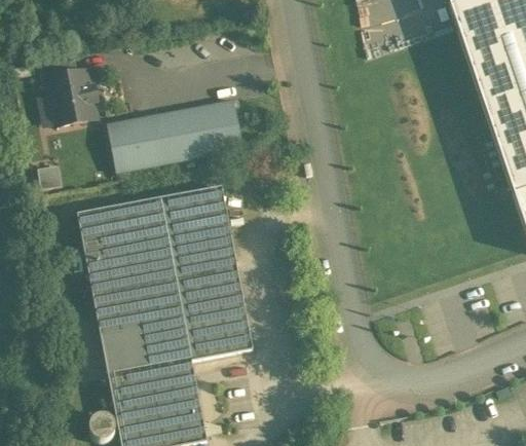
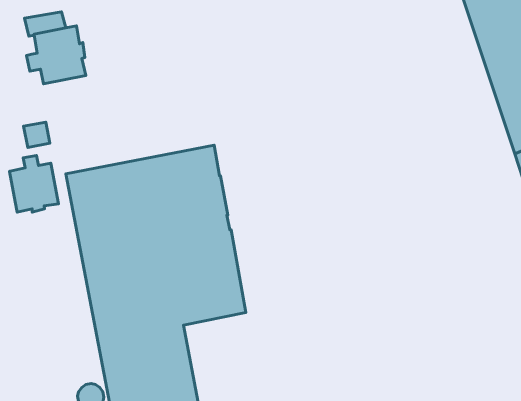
building: [106,99,242,172] -> none
building: none -> [9,155,59,212]

